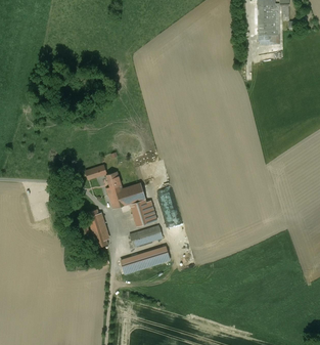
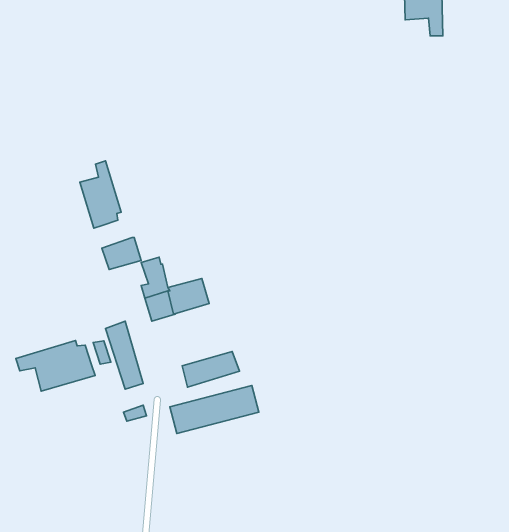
building: none -> [80,161,121,228]
building: [131,201,156,227] -> none
building: none -> [16,341,95,391]

